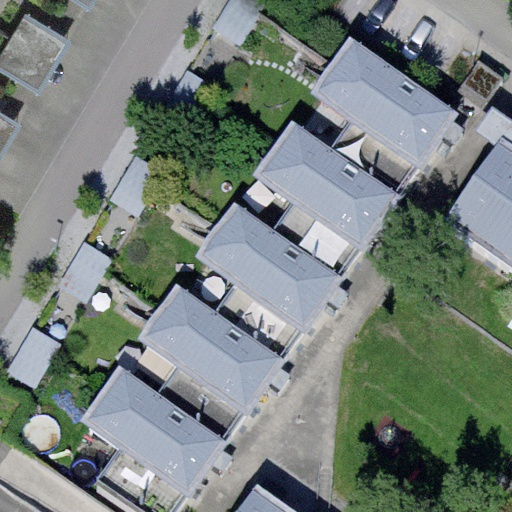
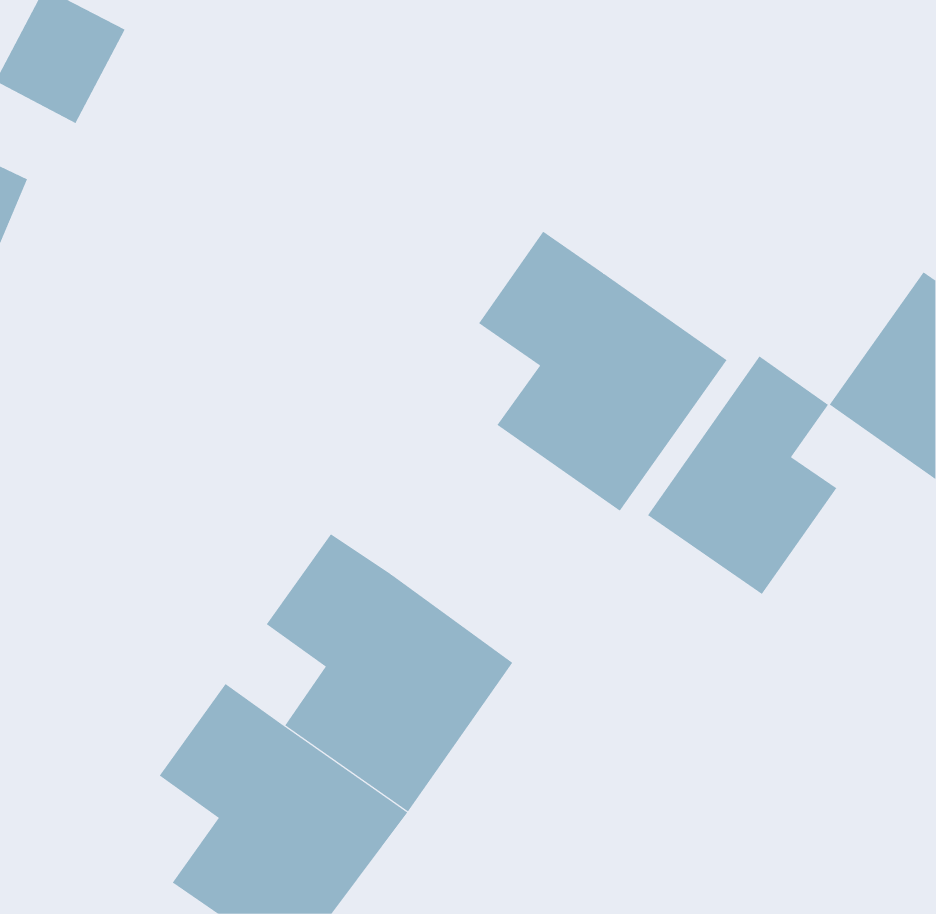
building: [317,43,452,195] -> none
building: none -> [647,356,837,595]
building: [201,207,336,359] -> none

